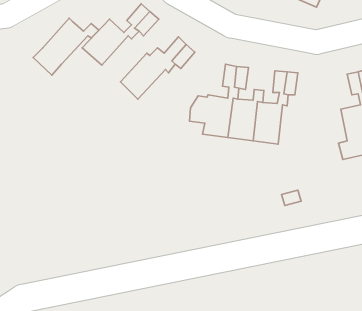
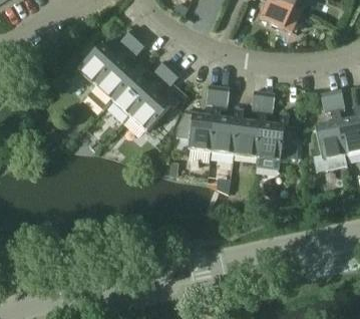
building: [33,18,99,75] -> [86,57,146,109]
building: none -> [128,88,181,130]
building: none -> [257,112,297,160]

